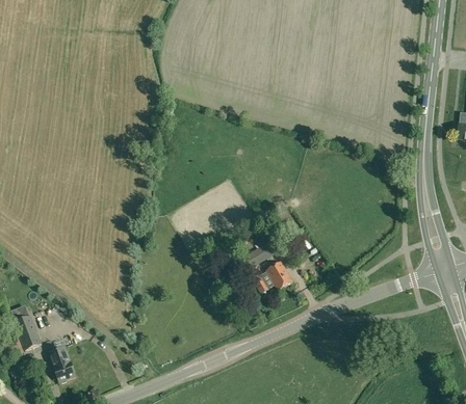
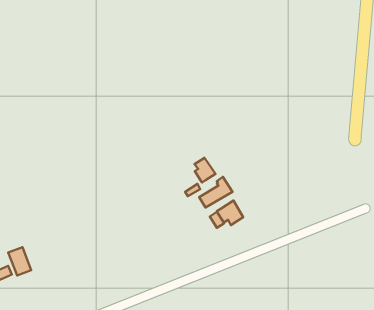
building: none -> [195,158,215,182]
building: [47,345,75,380] -> none

